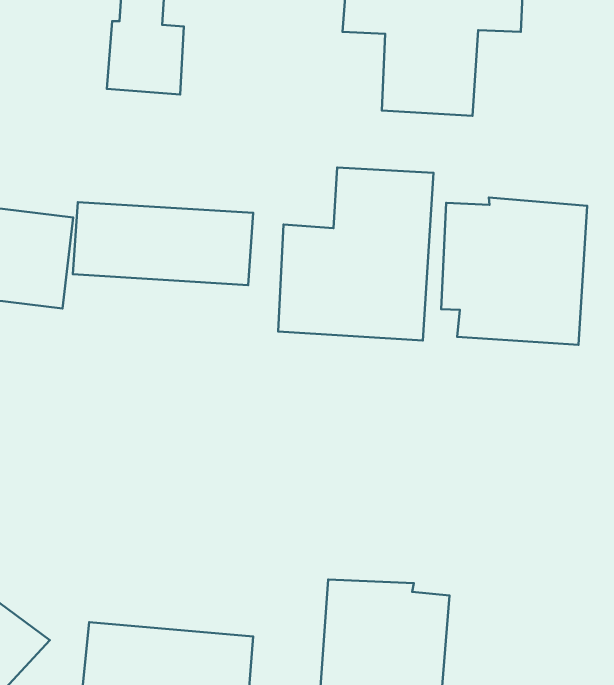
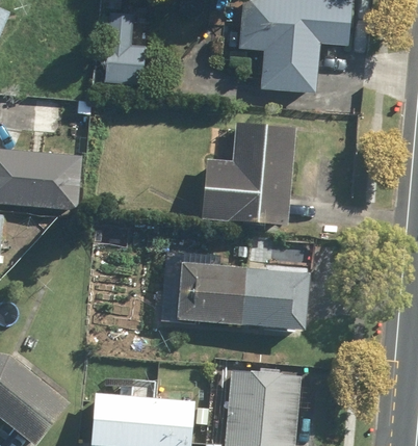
building: [441,198,587,345] -> none
building: [73,202,253,285] -> none
building: none -> [175,237,316,329]

